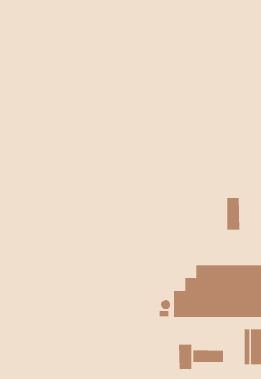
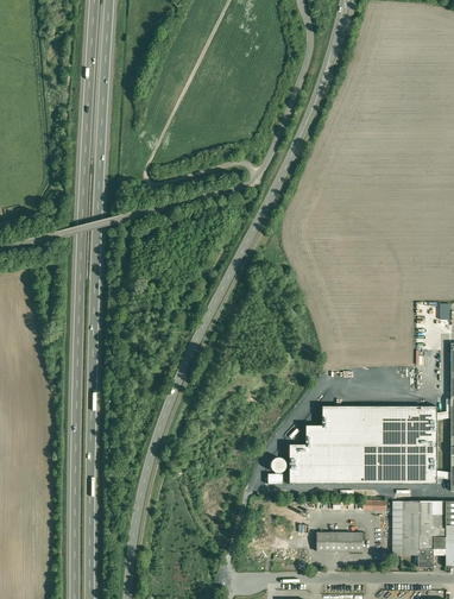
building: [227,197,240,230] -> none
building: [179,344,192,370] -> none

